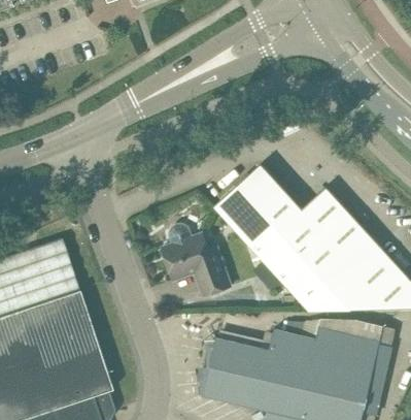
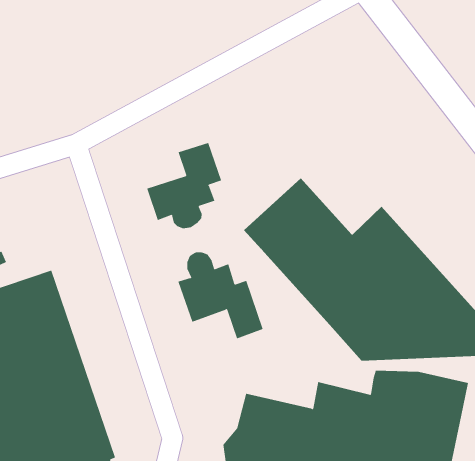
building: none -> [146,142,222,229]

